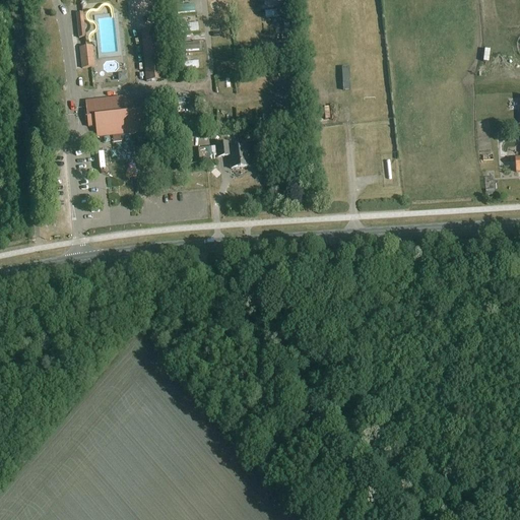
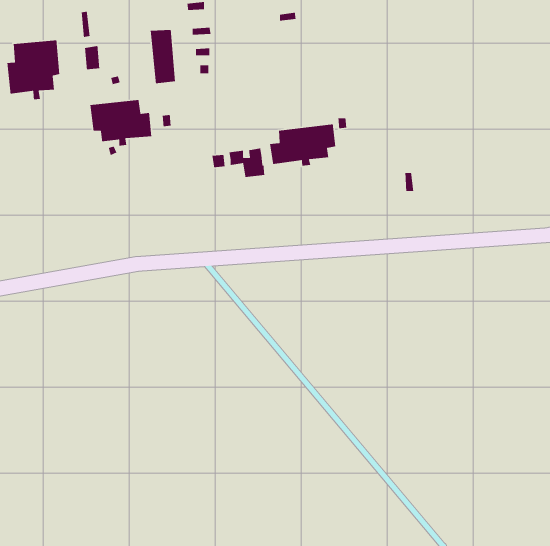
building: none -> [6,40,60,100]
building: none -> [269,123,336,167]

